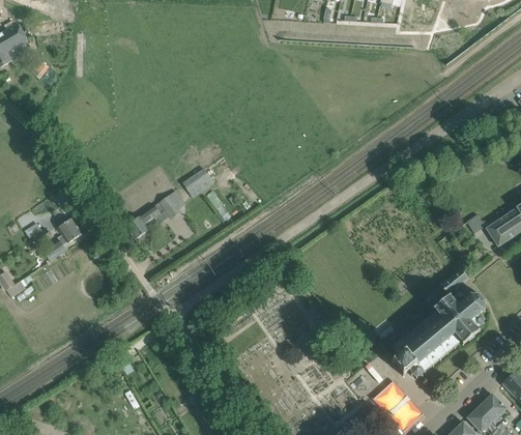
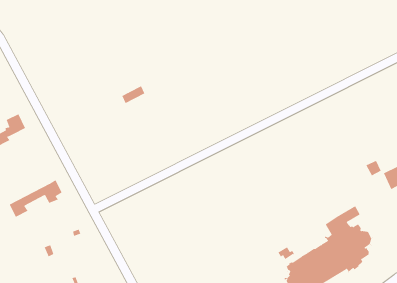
building: [126,191,184,239] -> [9,179,62,218]

